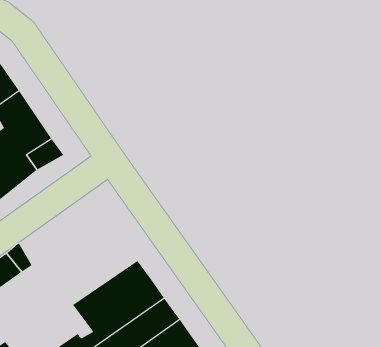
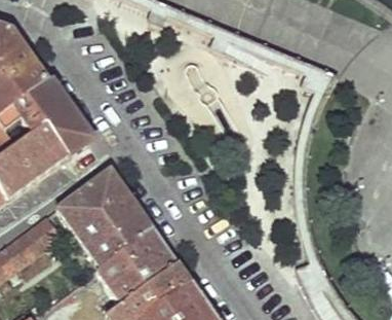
building: none -> [61,171,155,269]

